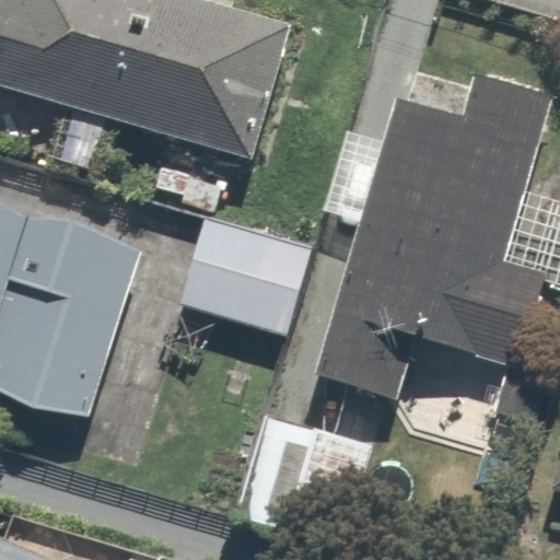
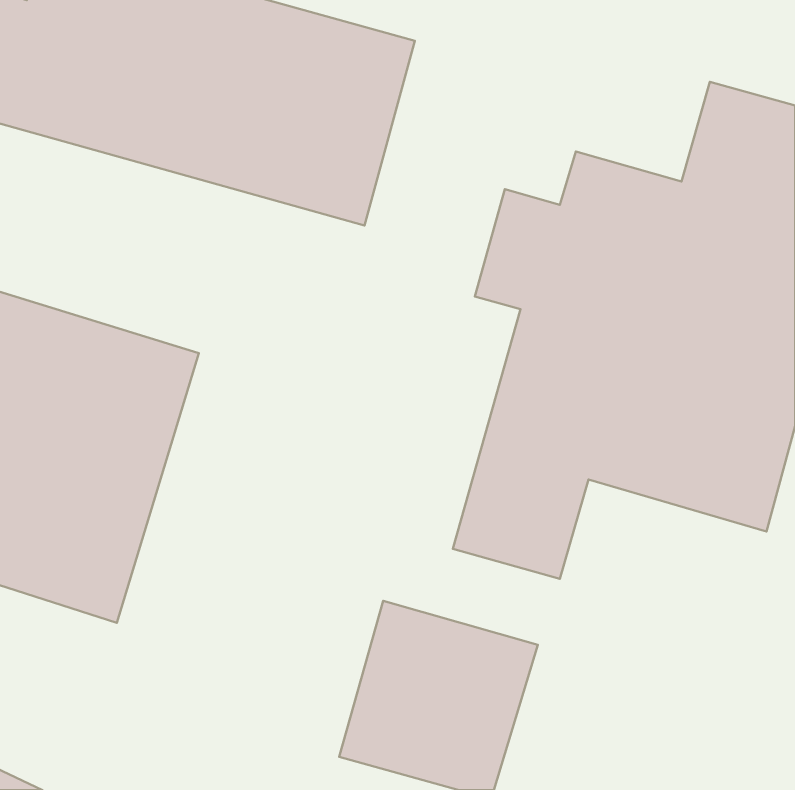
building: [178,208,324,334] -> none

